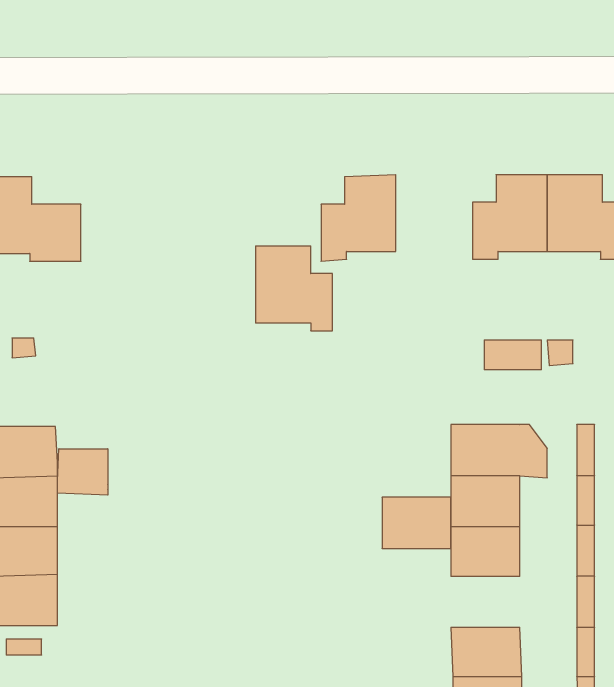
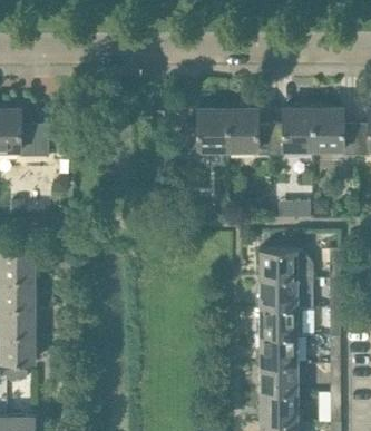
building: [256,246,332,331] -> [227,108,271,156]
building: [57,449,108,495] -> none
building: [382,497,451,548] -> [258,335,297,364]

